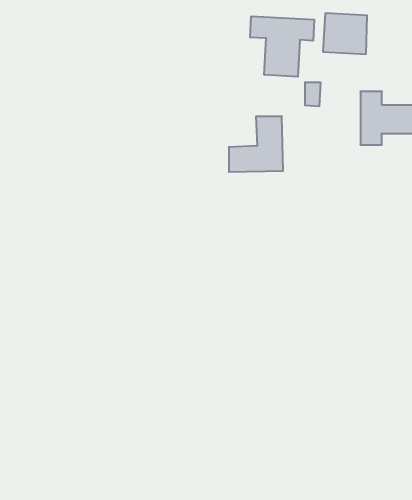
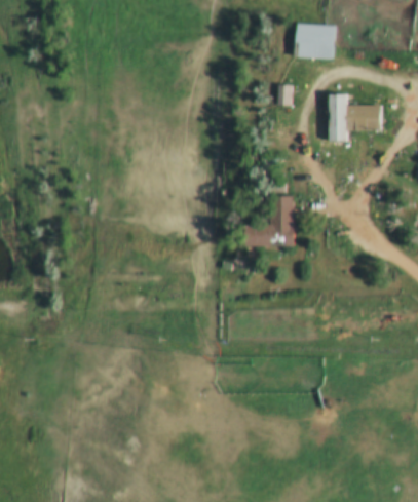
building: [250,16,314,77] -> none
building: [229,116,283,172] -> [244,196,294,246]

